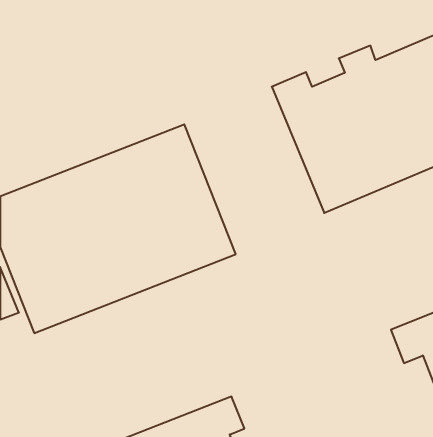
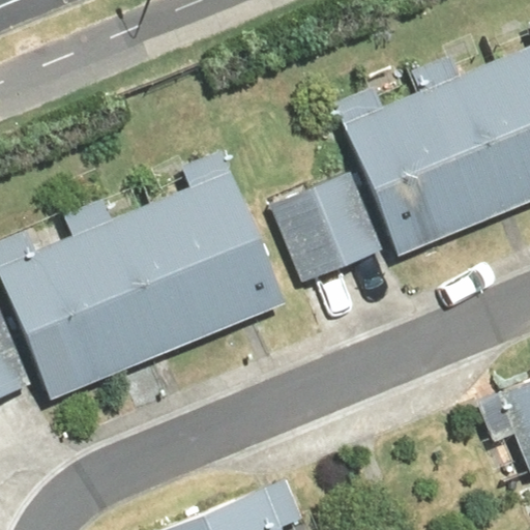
building: none -> [260,171,381,284]

